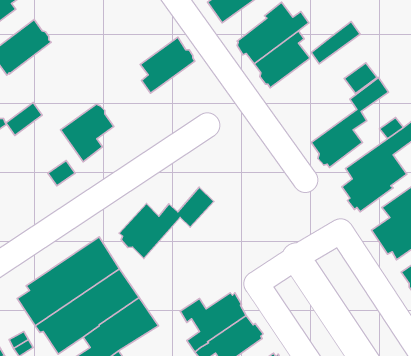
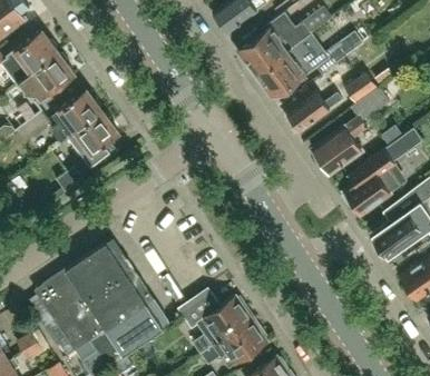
building: [140,37,195,93] -> [50,89,104,144]
building: none -> [18,52,76,100]
building: none -> [286,92,343,132]
building: [119,187,214,258] -> none

